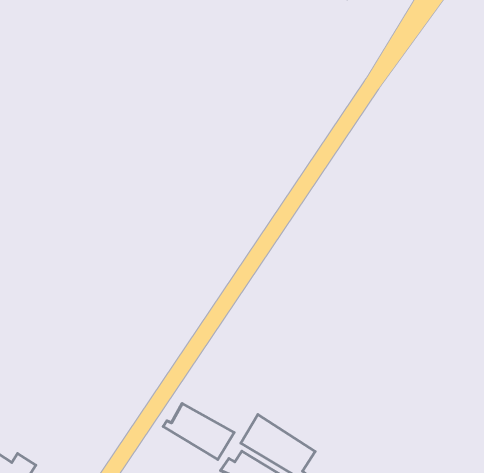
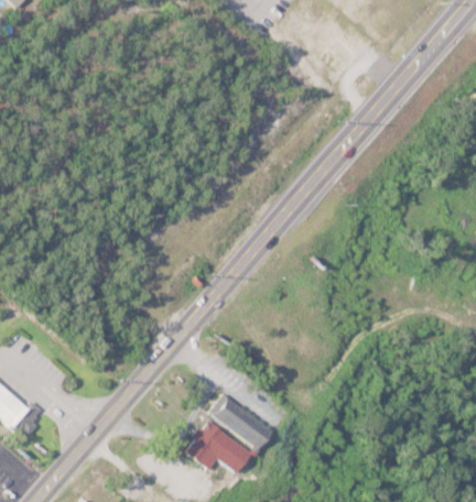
building: [163,404,234,459] -> none

